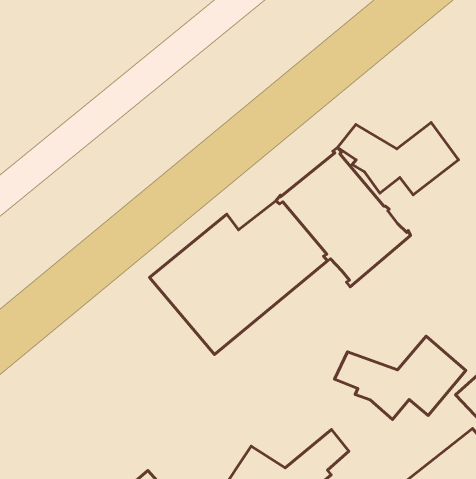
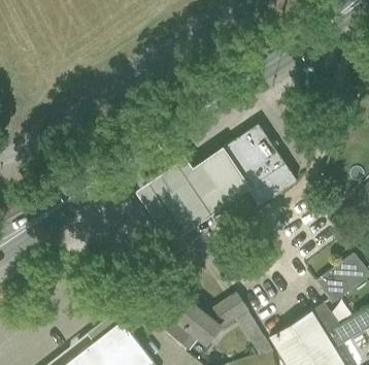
building: [338,122,458,195] -> none
building: [335,336,466,420] -> none

